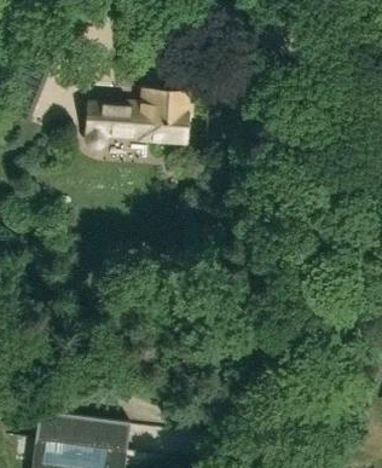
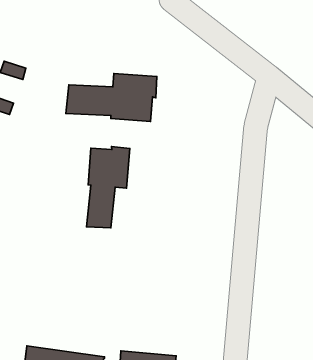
building: none -> [86,147,130,228]

